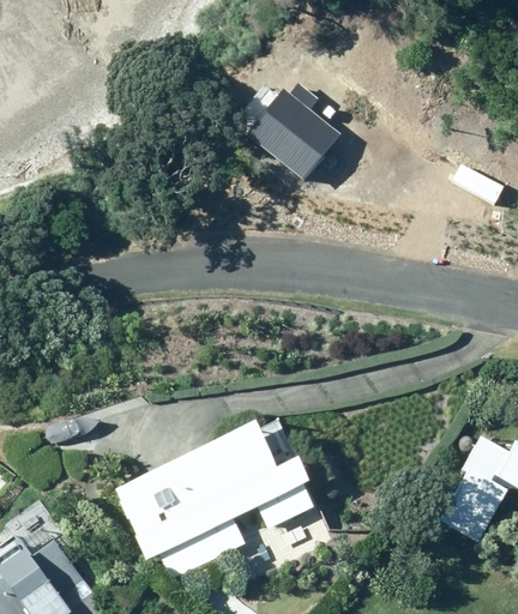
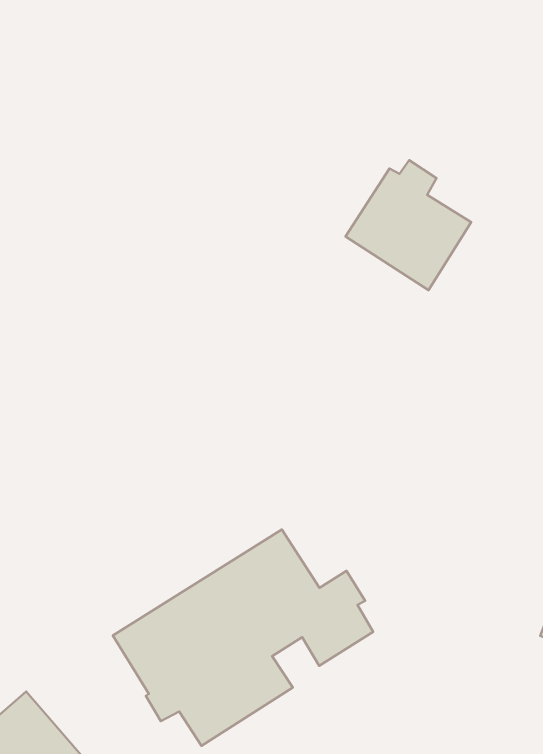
building: [245,82,341,181] -> [345,160,471,290]

